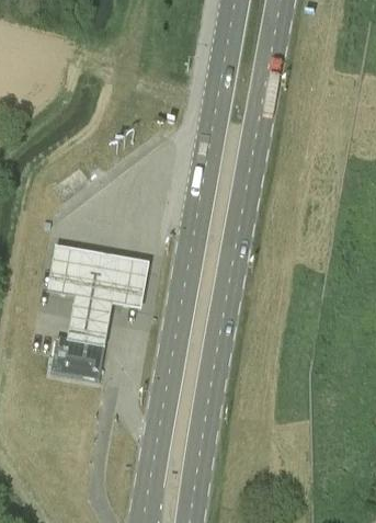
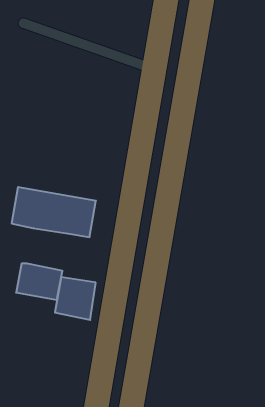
building: [65,293,114,344] -> [55,277,96,320]

